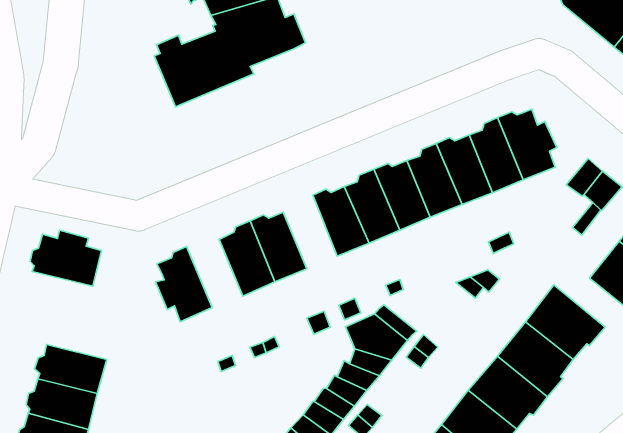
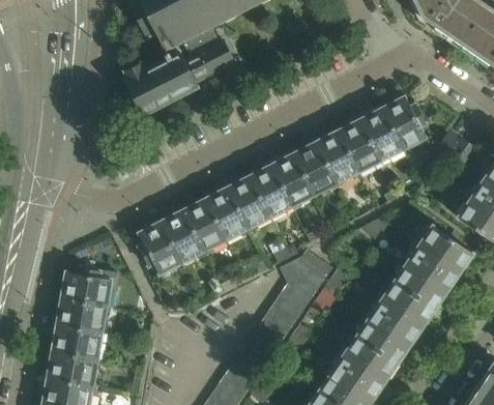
building: none -> [228,173,270,228]
building: [30,230,101,286] -> [59,267,111,307]
building: none -> [158,211,203,262]

